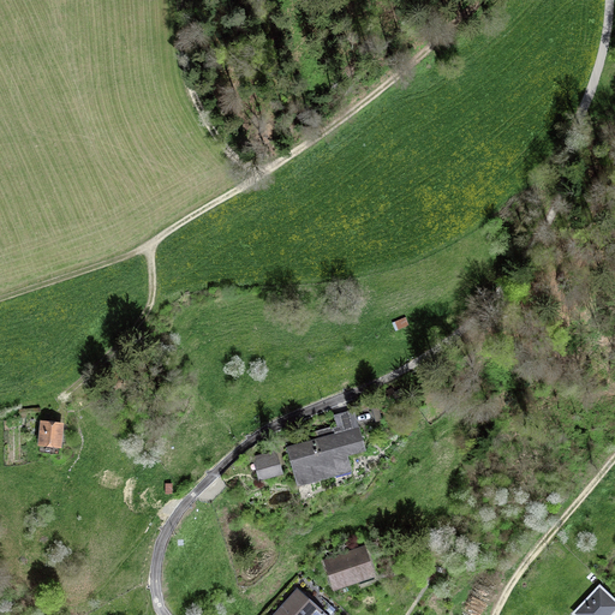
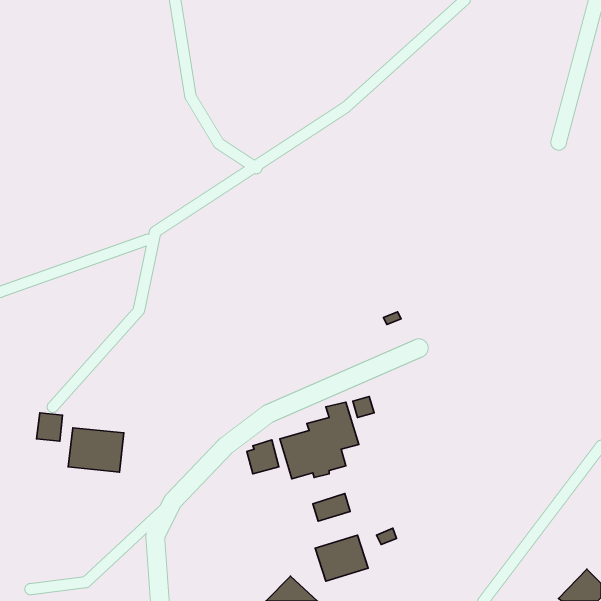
building: none -> [68,428,124,472]
building: none -> [313,493,350,521]

